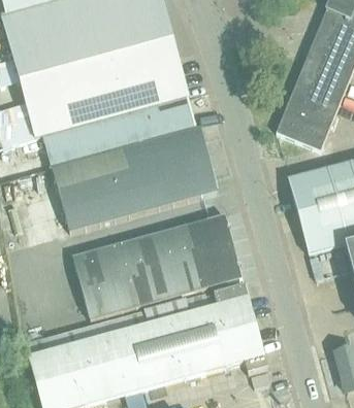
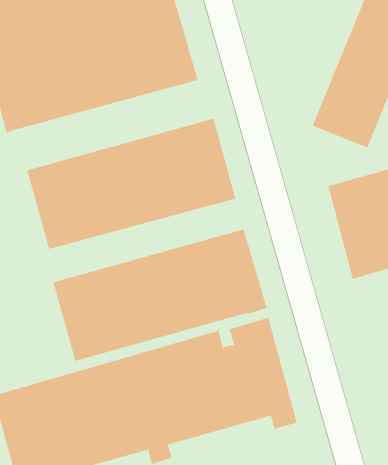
building: [43,95,196,166] -> none

